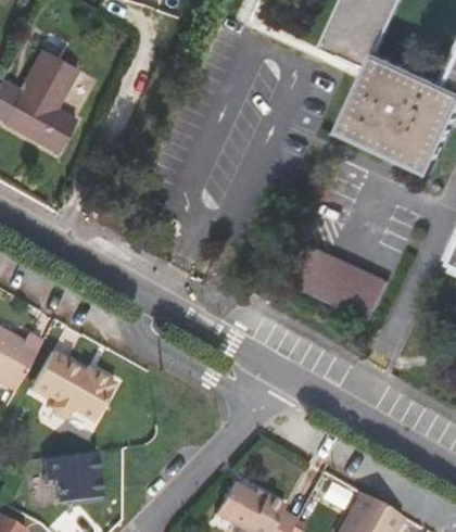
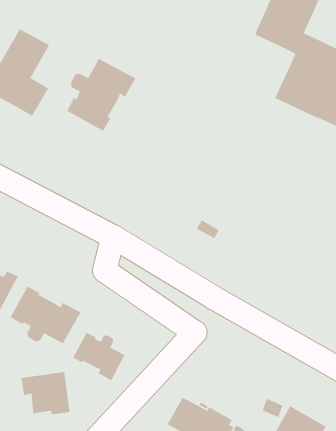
building: none -> [66,58,137,132]
building: [289,243,388,322] -> none
building: none -> [72,332,125,381]

